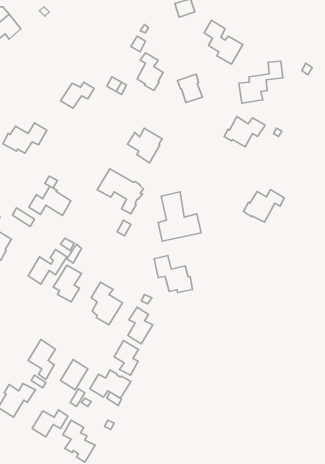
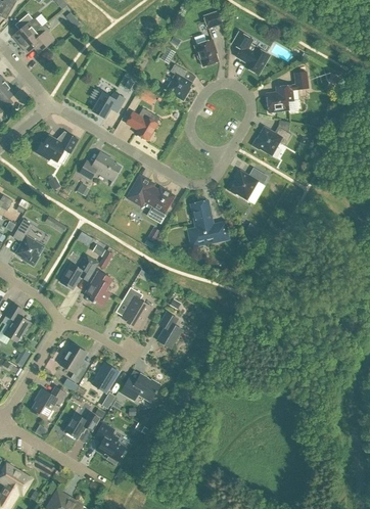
building: [177,74,203,102] -> [194,39,219,66]
building: [127,128,162,163] -> [126,107,159,141]
building: [29,186,71,216] -> [80,152,121,181]
building: [243,190,284,222] -> [227,168,267,199]
building: [154,256,193,292] -> none
building: [114,341,139,375] -> none

